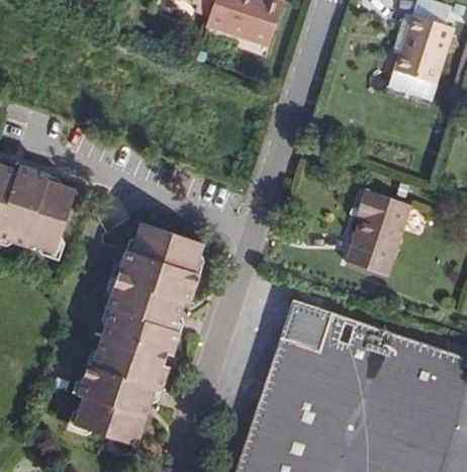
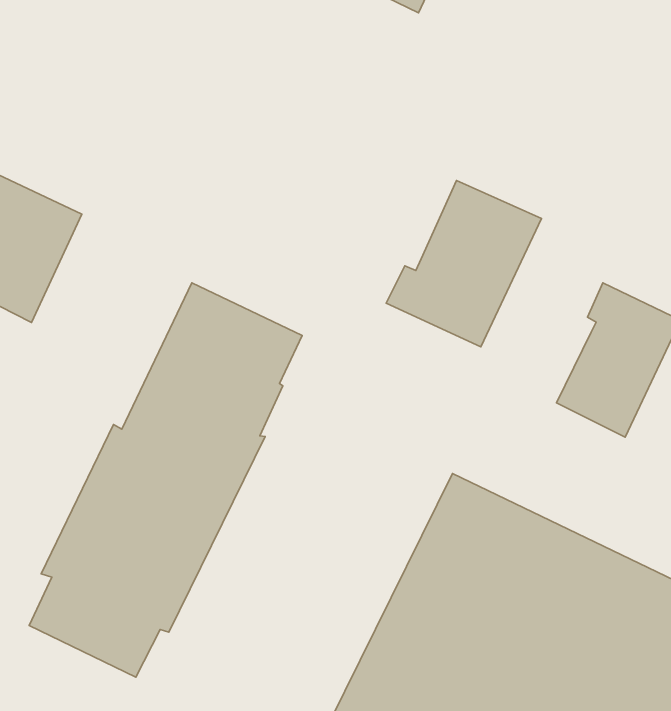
building: none -> [386,180,542,347]

